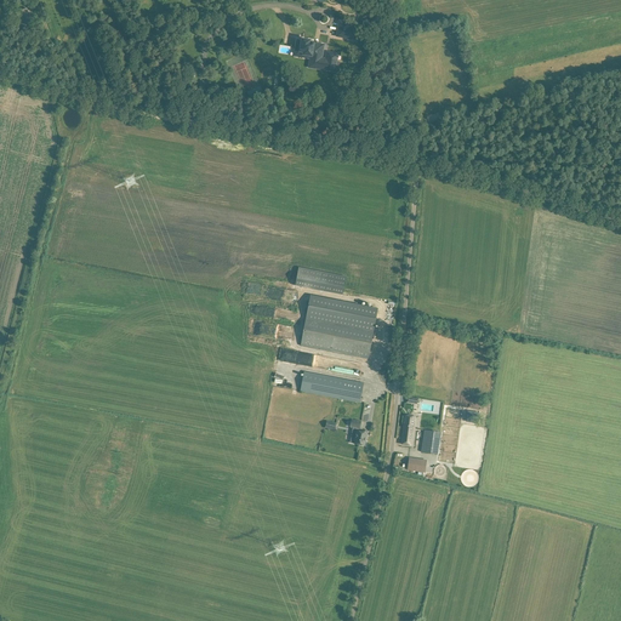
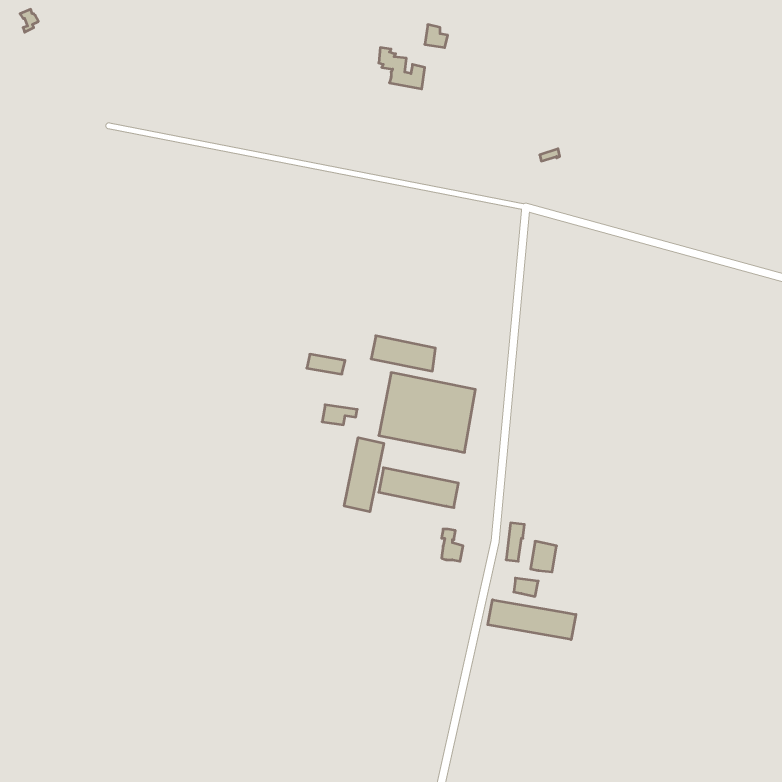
building: none -> [344,438,384,512]
building: none -> [488,600,576,640]

